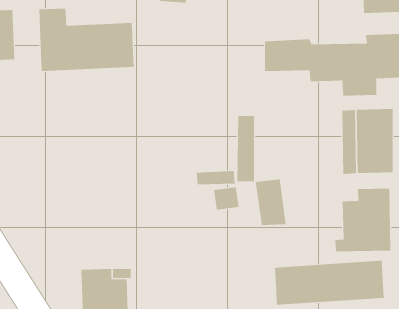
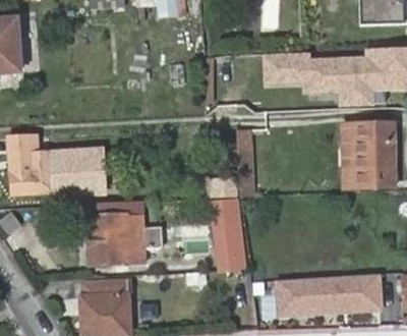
building: [39,8,135,71] -> [8,134,104,198]
building: [255,179,287,226] -> [216,223,247,270]
building: [335,188,391,252] -> none
building: none -> [85,202,141,264]

